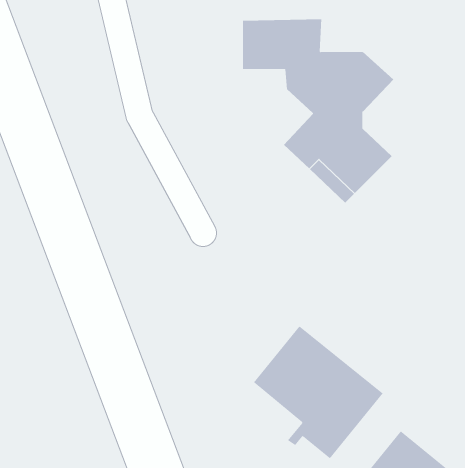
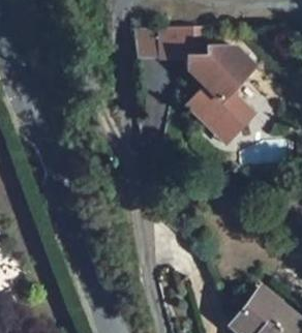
building: [253,325,383,459] -> none

